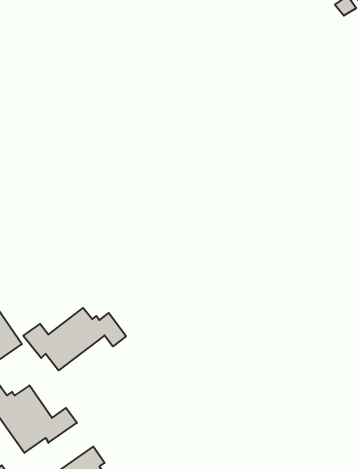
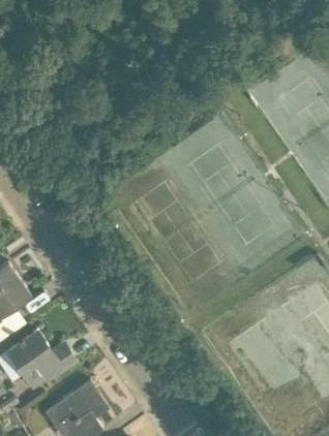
building: [23,308,126,370] -> none

